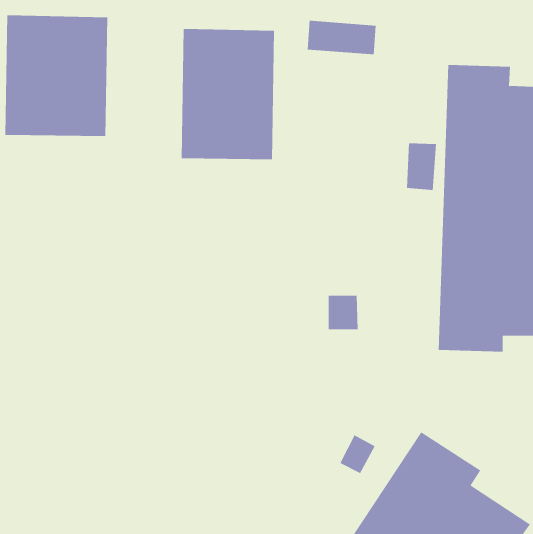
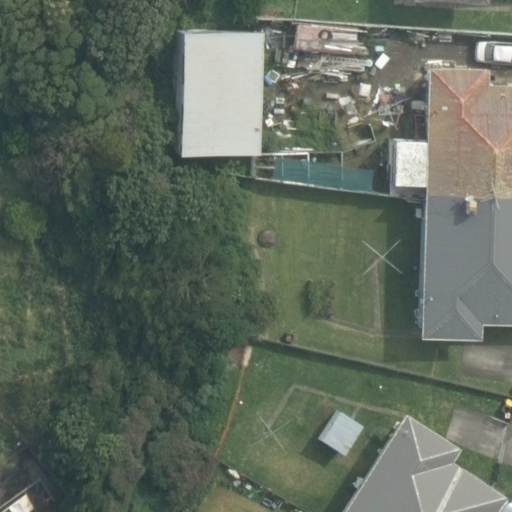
building: [5,15,108,137] -> none

